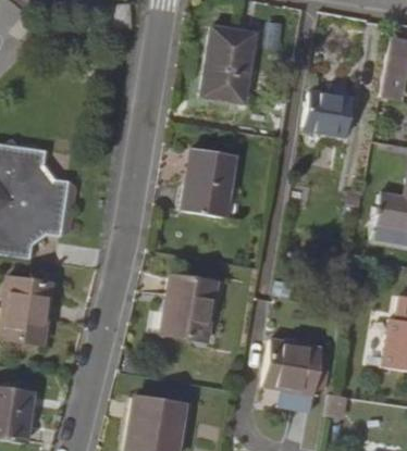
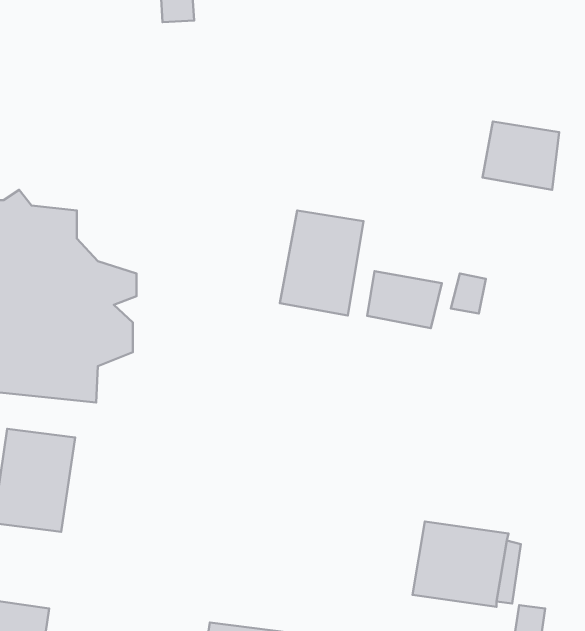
building: [199,24,252,97] -> none
building: none -> [367,271,442,328]
building: [160,276,213,339] -> none

